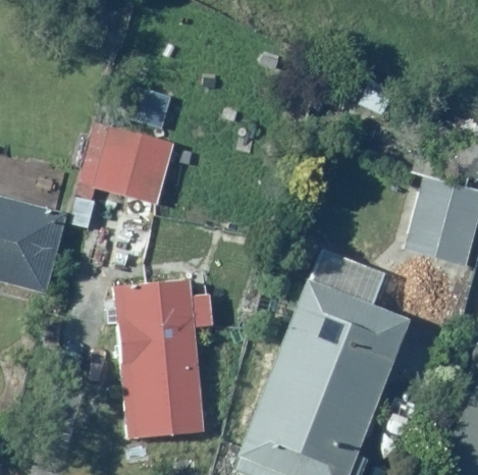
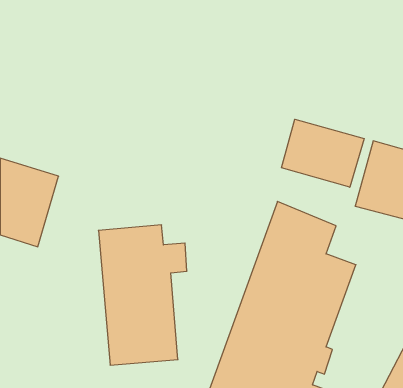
building: [72,122,172,201] -> none
building: none -> [282,119,364,187]

